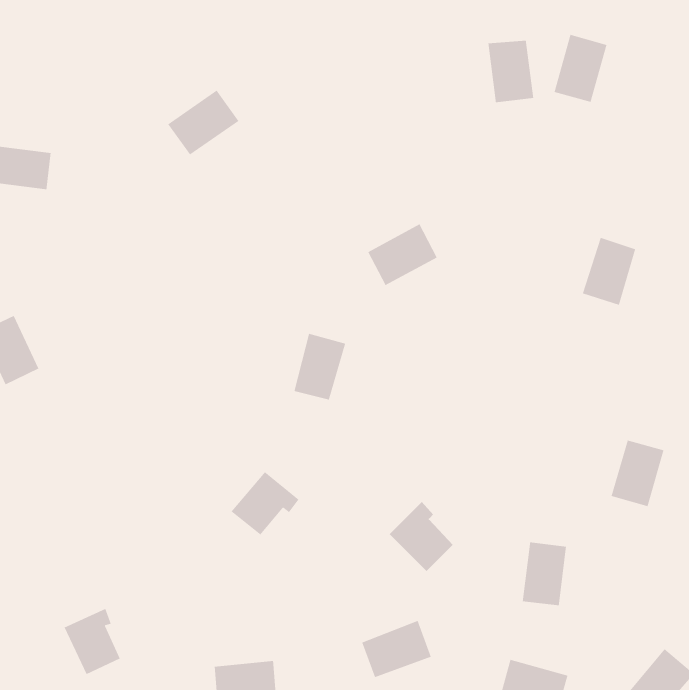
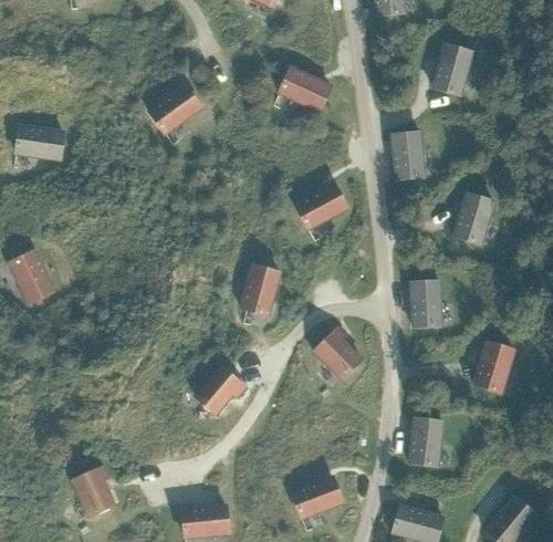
building: [488,40,534,103] -> [390,133,425,179]
building: none -> [279,67,332,112]
building: none -> [410,281,441,326]
building: [389,501,453,572] -> [314,327,362,379]

